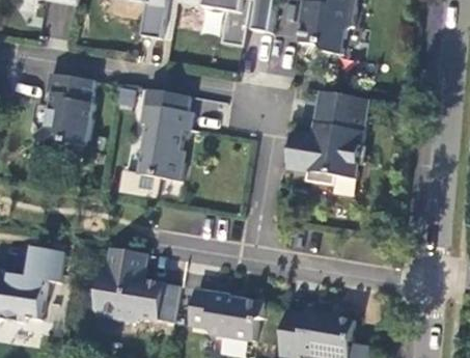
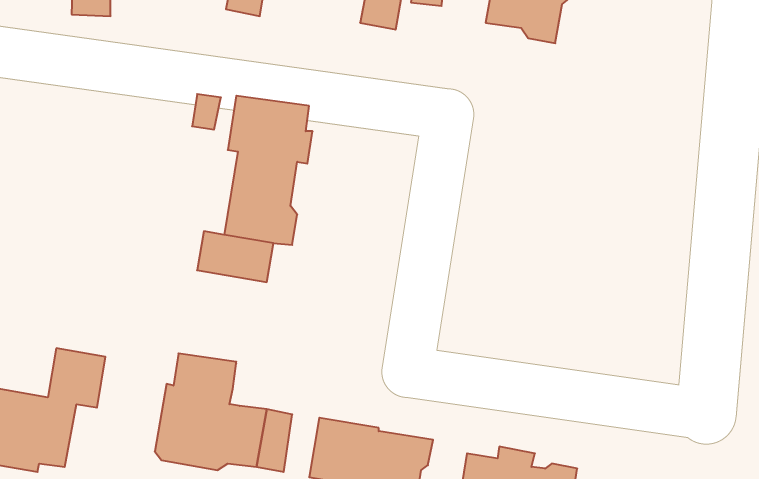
building: [33,72,94,154] -> none
building: [288,91,368,185] -> none

